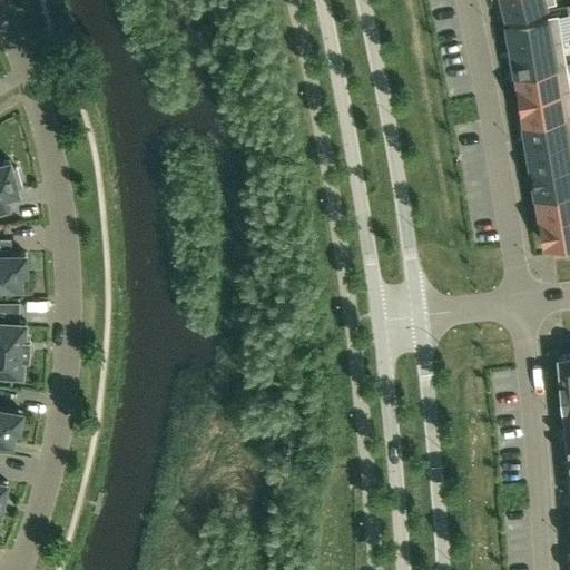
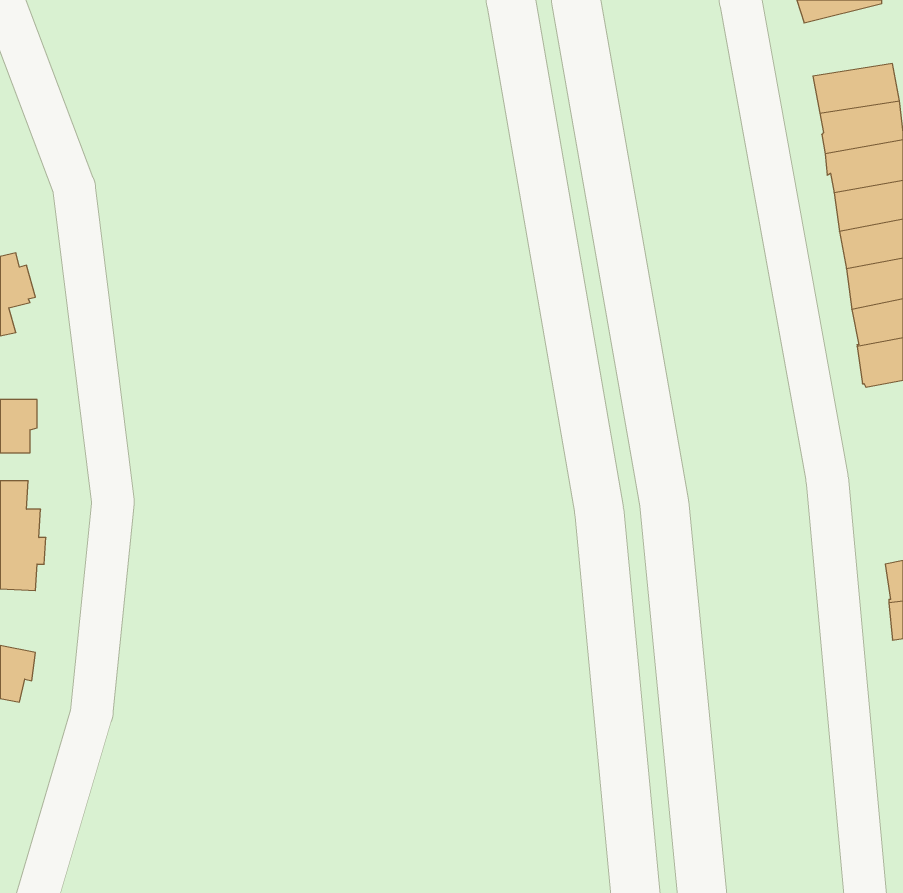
building: [509,20,562,55] -> none

